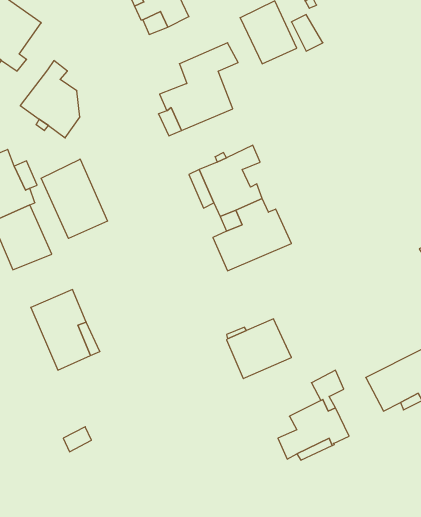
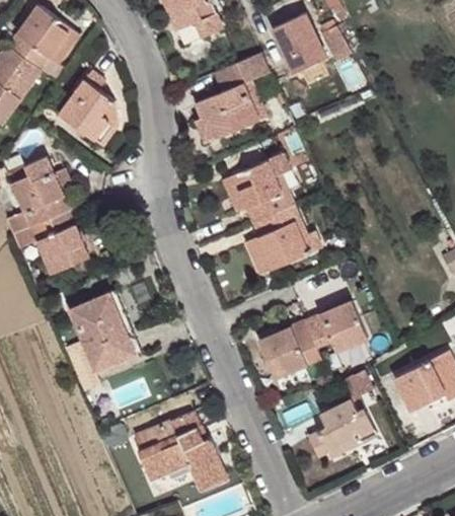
building: [41,159,107,238] -> none
building: none -> [304,300,368,352]
building: none -> [135,409,227,492]

